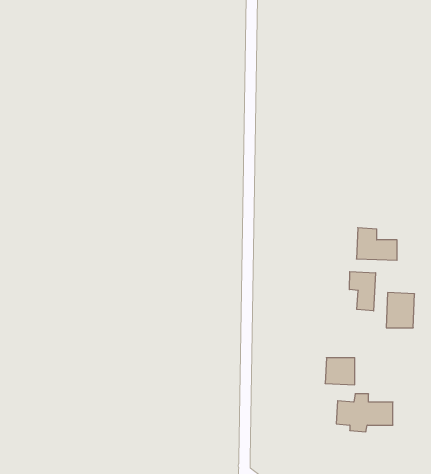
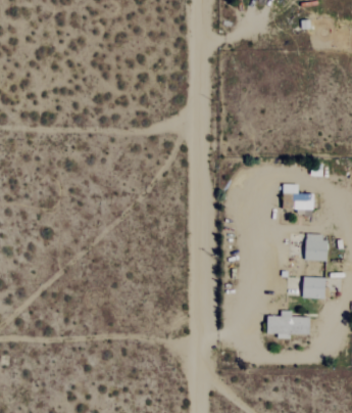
building: [349,272,376,311] -> none
building: [325,358,355,385] -> [303,278,325,299]

